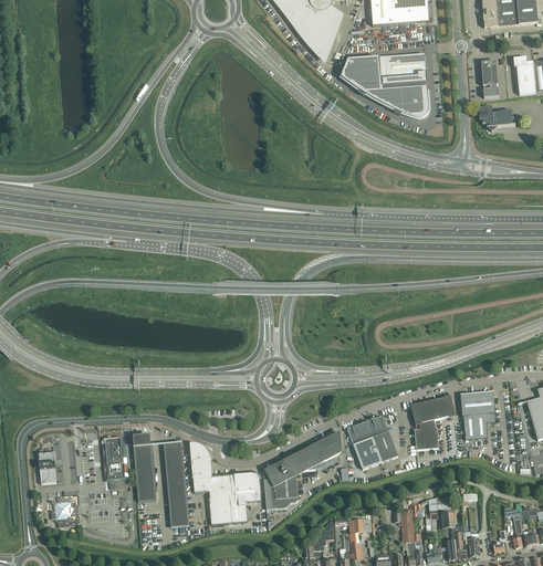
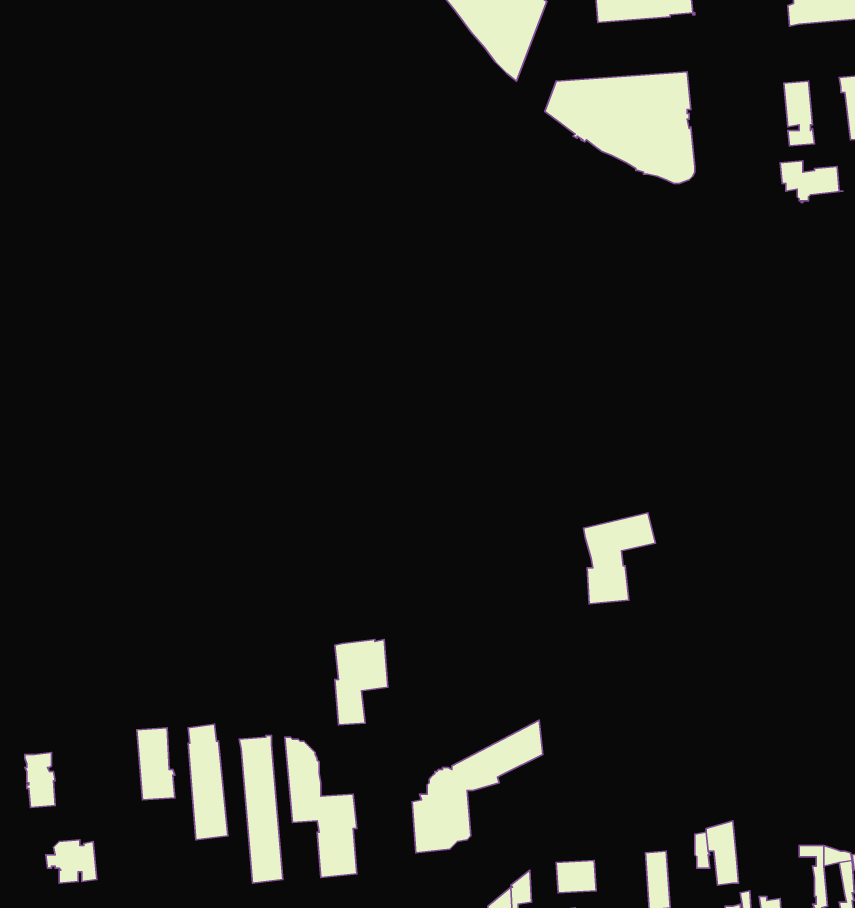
building: [460,390,495,439] -> none
building: [413,396,455,449] -> [583,513,656,604]
building: [347,415,398,468] -> none
building: [230,471,261,521] -> [335,640,388,725]

